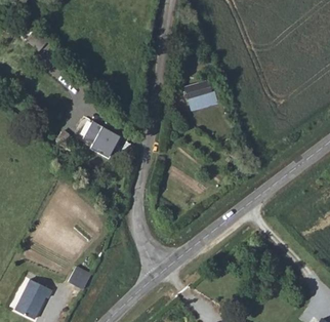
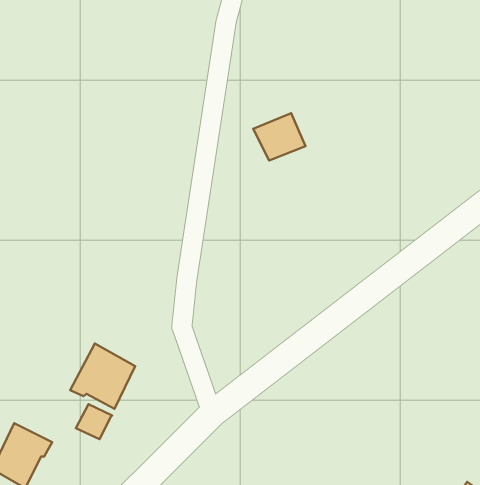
building: [80,110,116,150] -> none
building: none -> [70,344,135,409]

